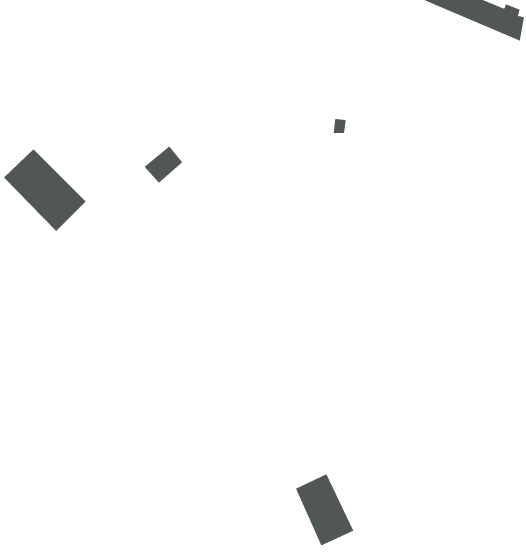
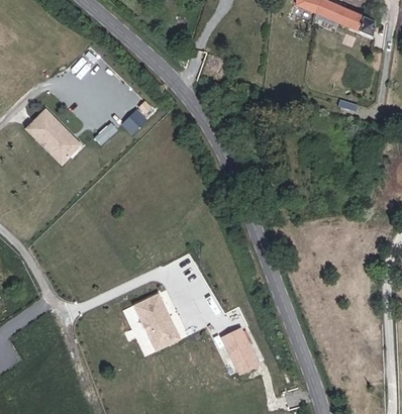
building: none -> [132,293,179,351]

